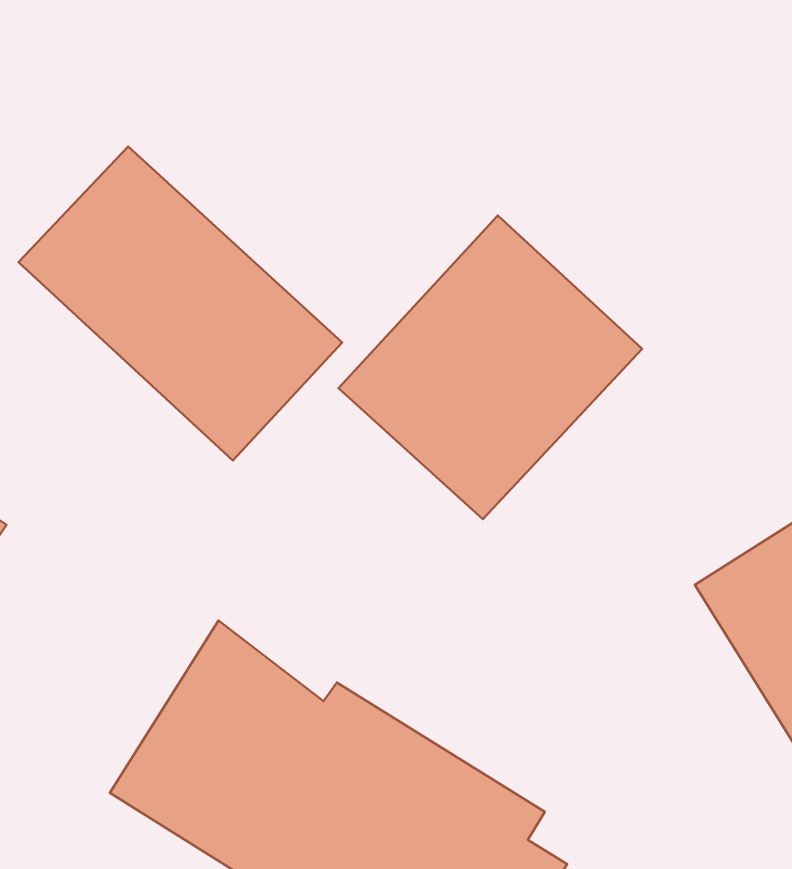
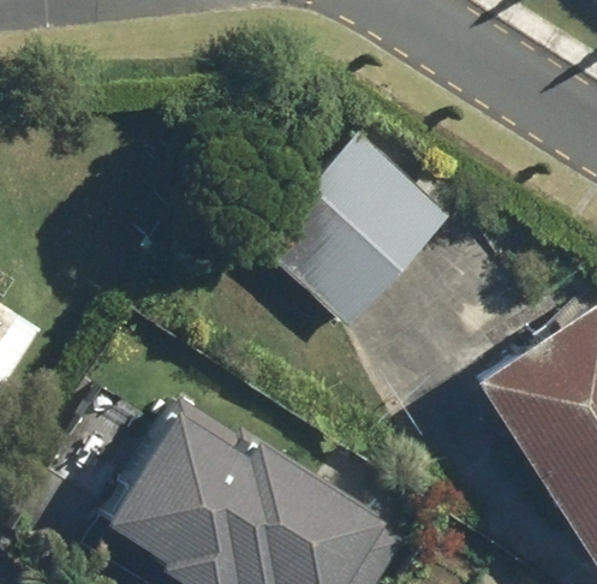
building: [19,146,342,460] -> none

